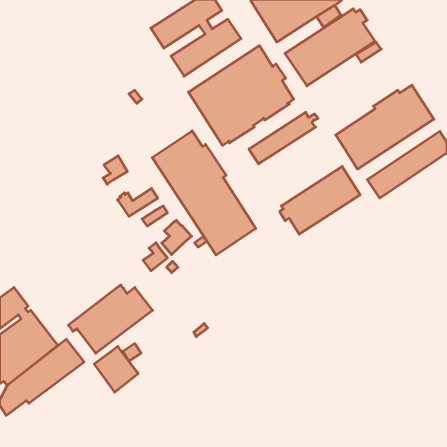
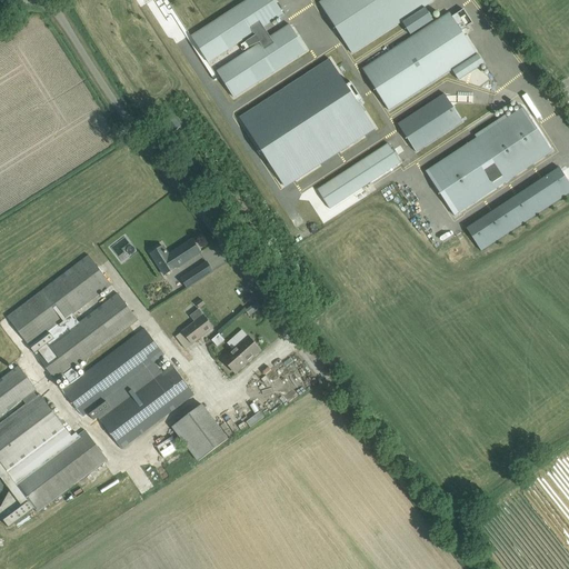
building: none -> [397,93,462,151]
building: [152,131,256,255] -> none
building: [103,156,127,184] -> none
building: [280,166,360,234] -> none
building: none -> [7,254,163,416]
building: [162,220,192,255] -> [222,329,260,372]
building: [94,346,138,392] -> [171,403,227,461]

